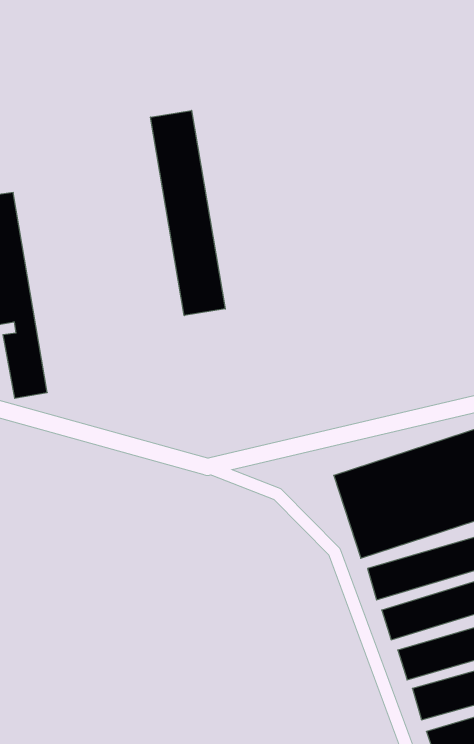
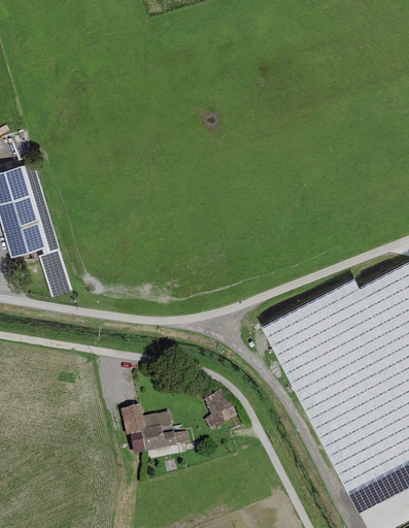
building: [151,110,225,316] -> none
building: none -> [203,392,237,433]
building: none -> [121,408,190,458]

